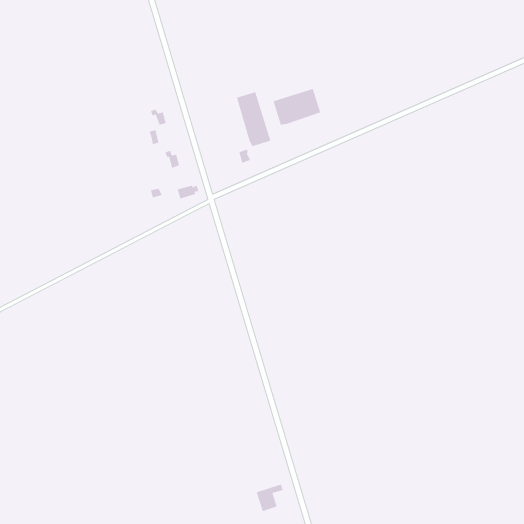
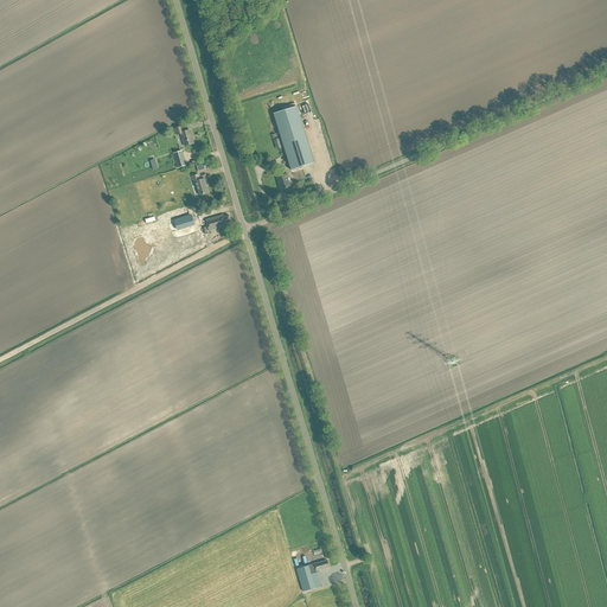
building: [273,88,321,125] -> none

